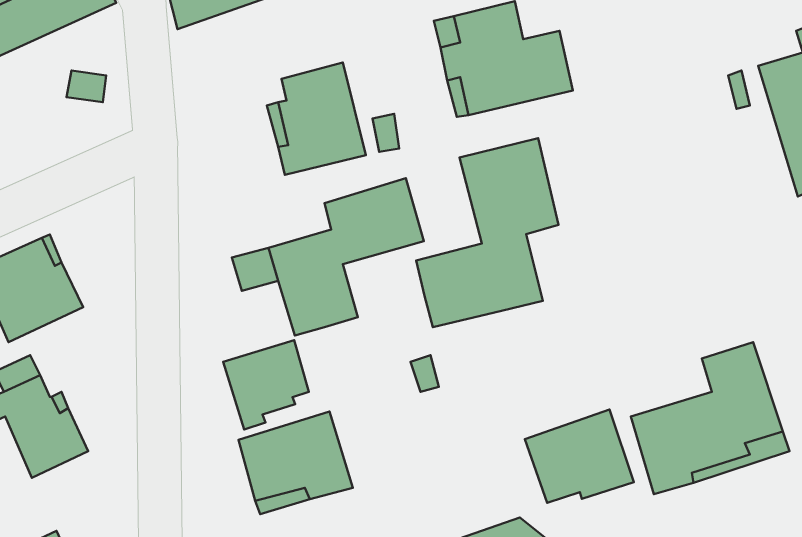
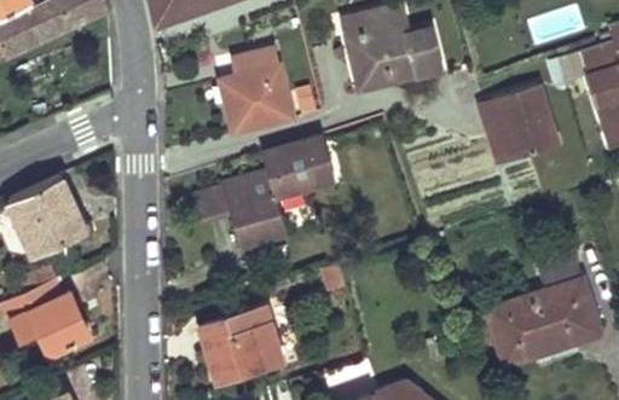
building: none -> [490,87,556,166]
building: [416,138,558,327] -> none
building: [223,340,309,429] -> none
building: [525,409,634,503] -> none

